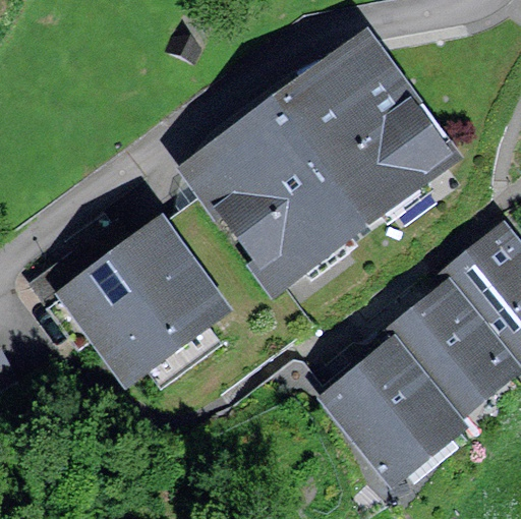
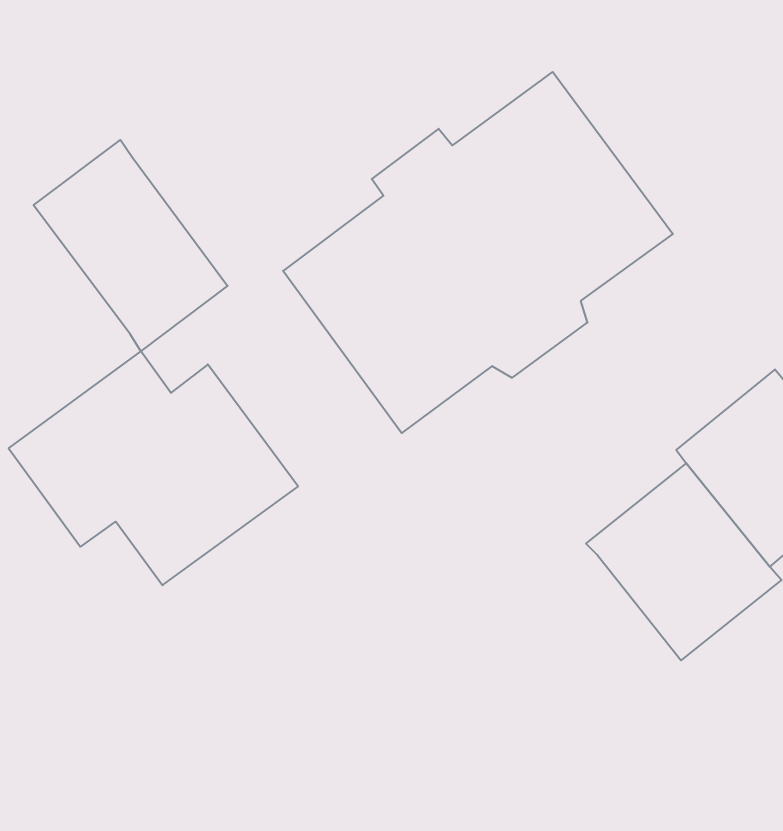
building: none -> [34,140,228,351]
building: [342,349,460,470] -> none

